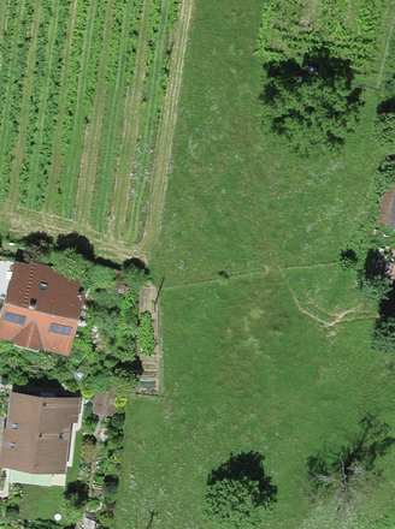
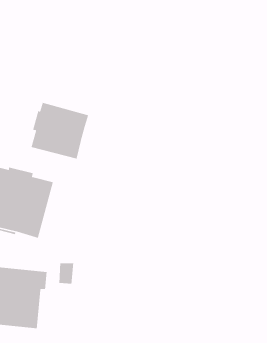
building: none -> [31,102,89,159]

